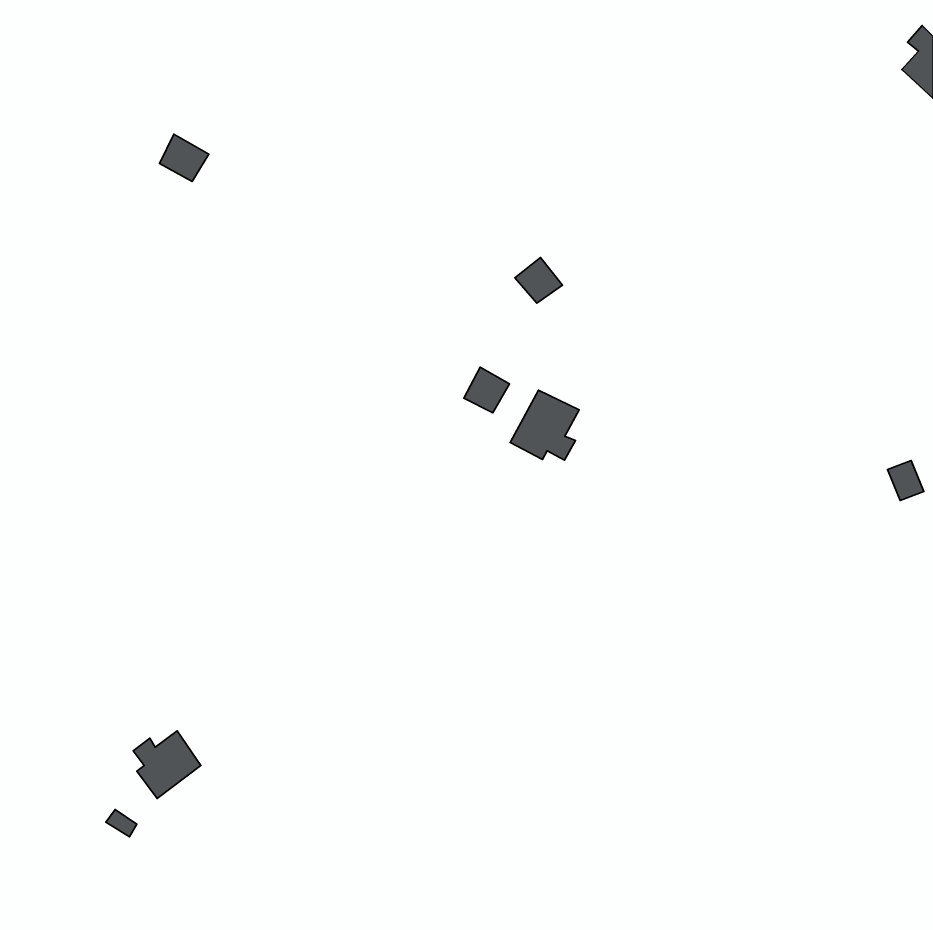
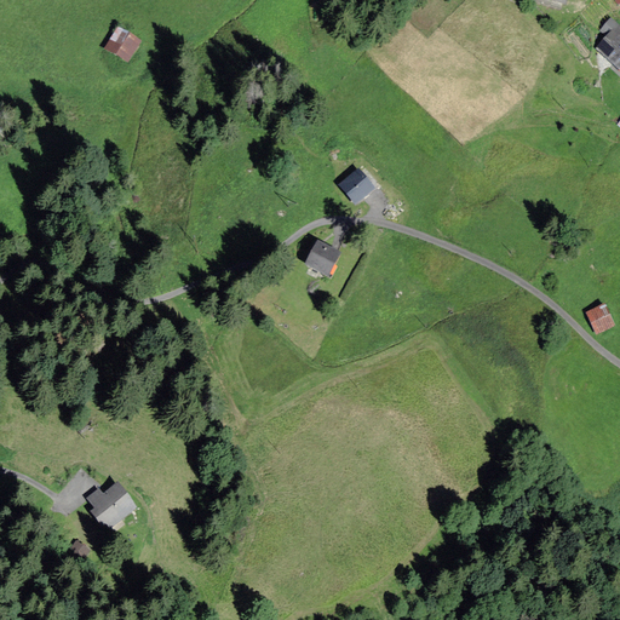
building: [159,134,209,182] -> [107,28,139,59]
building: [510,390,579,460] -> none

